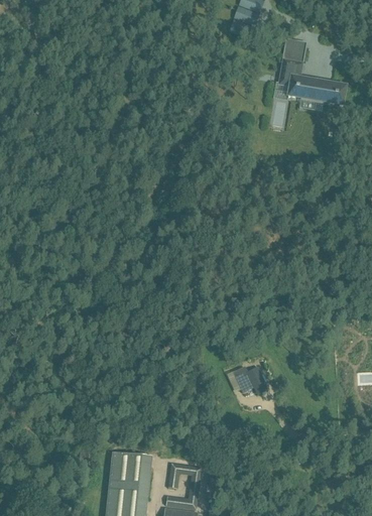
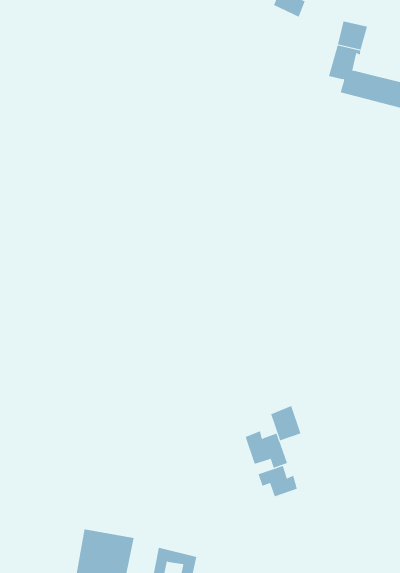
building: none -> [271,405,301,441]
building: none -> [258,465,297,497]

